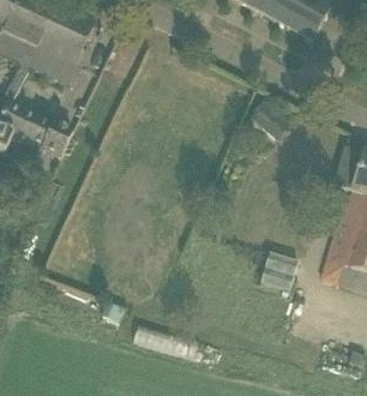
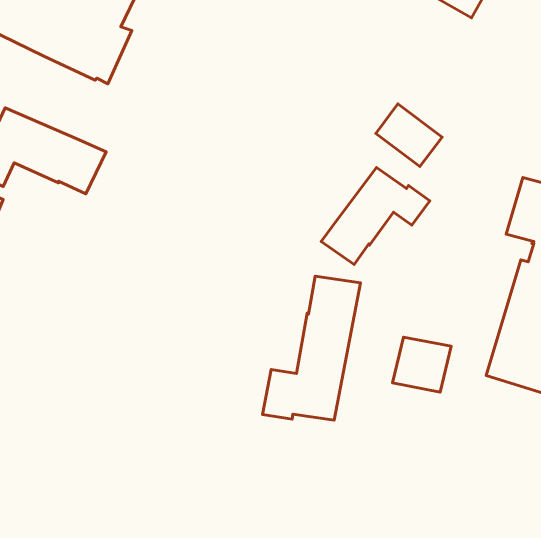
building: none -> [321,167,430,264]
building: none -> [263,276,360,420]

